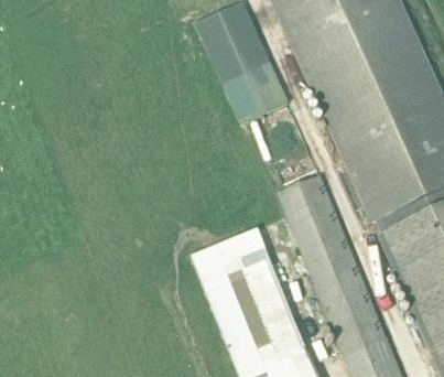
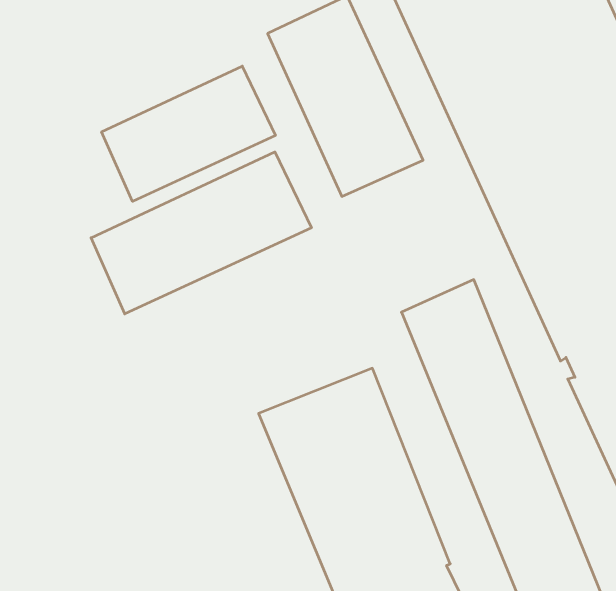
building: none -> [102,66,275,201]
building: none -> [91,152,311,314]

